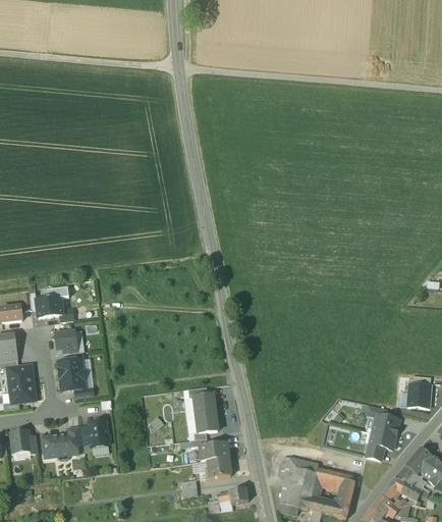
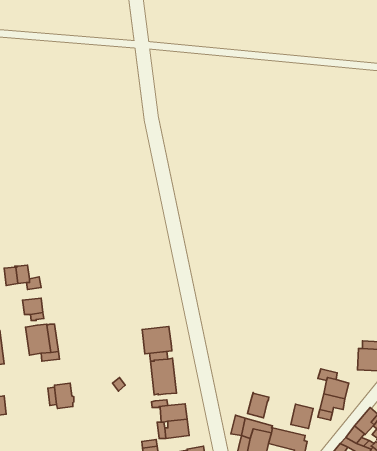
building: none -> [142,327,172,354]
building: [42,426,81,460] -> none
building: none -> [248,392,269,418]
building: none -> [291,404,313,429]

